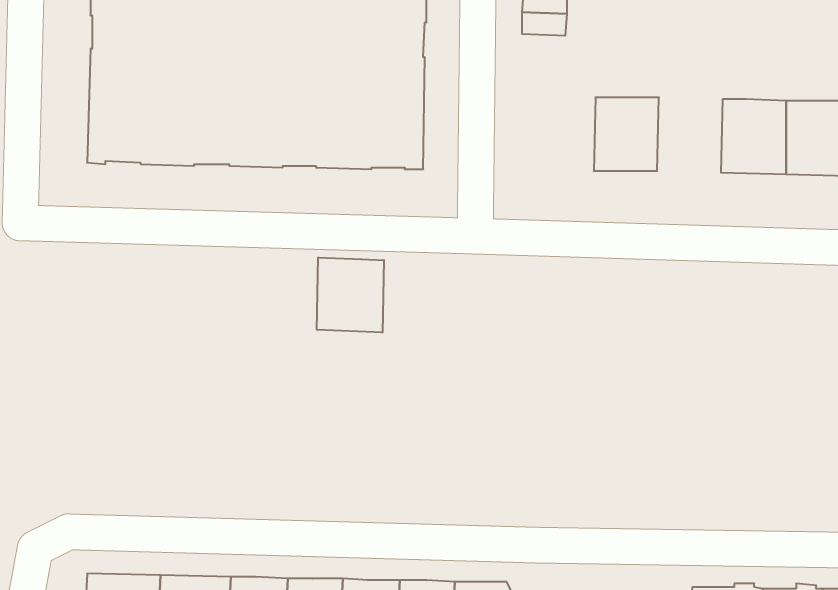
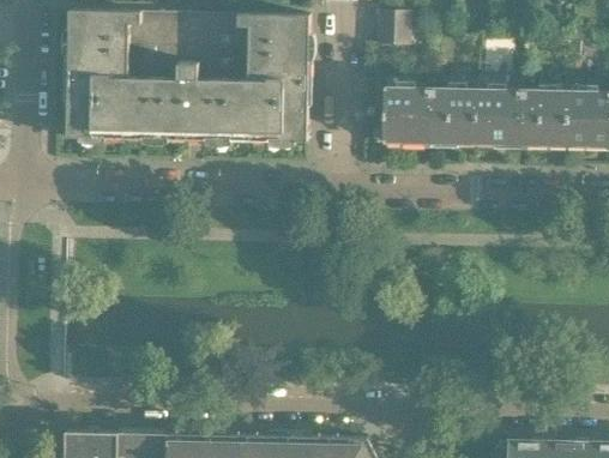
building: none -> [382,88,429,141]
building: none -> [474,89,520,143]
building: [317,257,384,333] -> none

